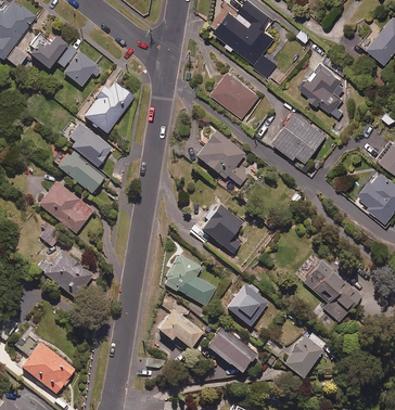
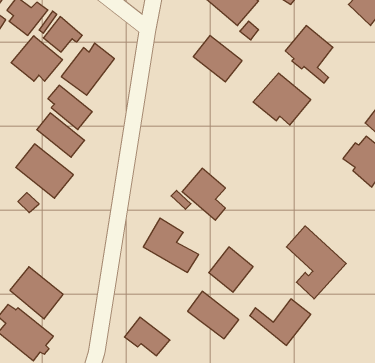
building: none -> [11,36,62,81]
building: [194,128,246,184] -> none
building: [41,246,93,297] -> [10,267,63,319]
building: [157,307,202,345] -> [124,317,170,356]

